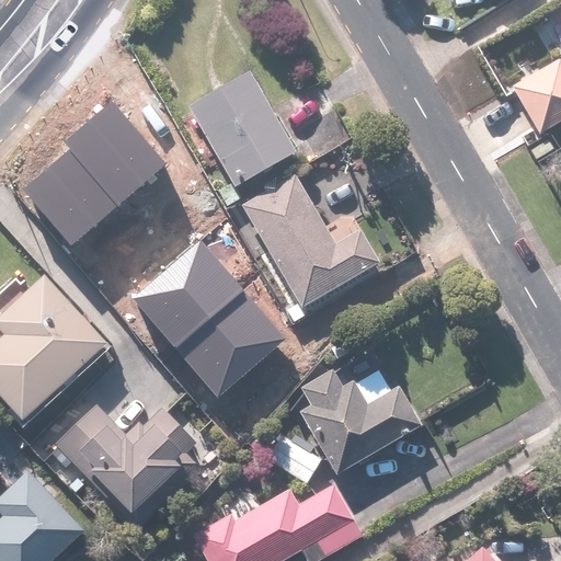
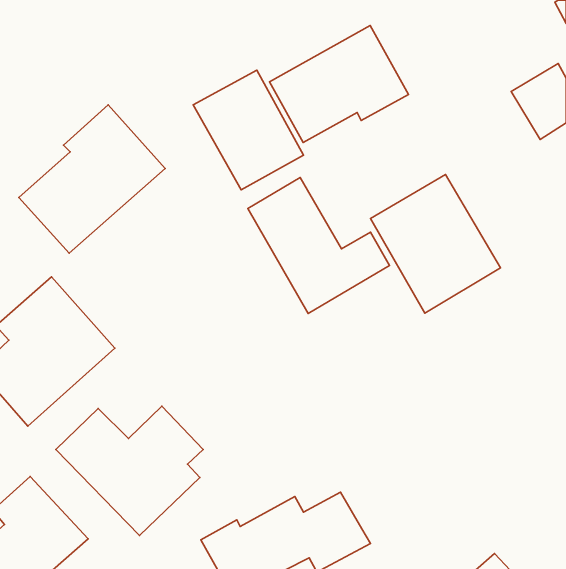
building: none -> [270,25,408,143]
building: none -> [370,174,501,313]
building: [129,243,280,399] -> none
building: [301,358,426,473] -> none

